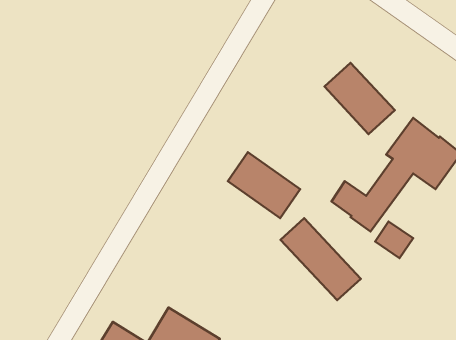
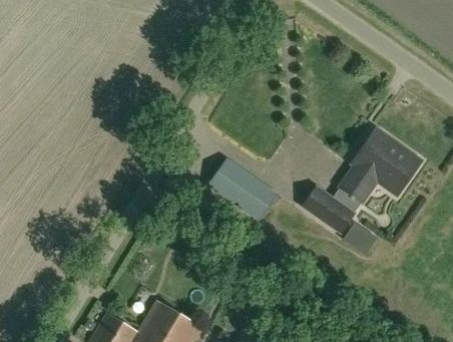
building: [324,63,395,134] -> none
building: [281,218,361,300] -> none

